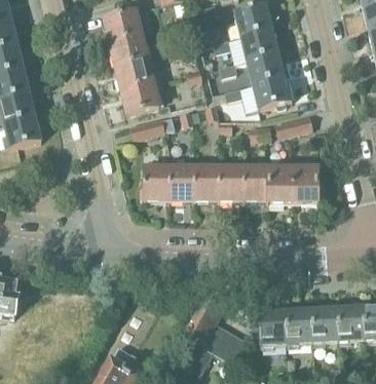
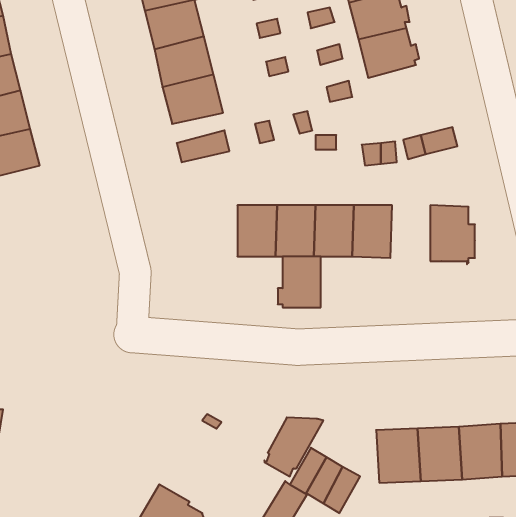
building: [253,76,293,108] -> none
building: [141,166,168,199] -> [278,256,321,307]
building: [267,166,293,203] -> none

